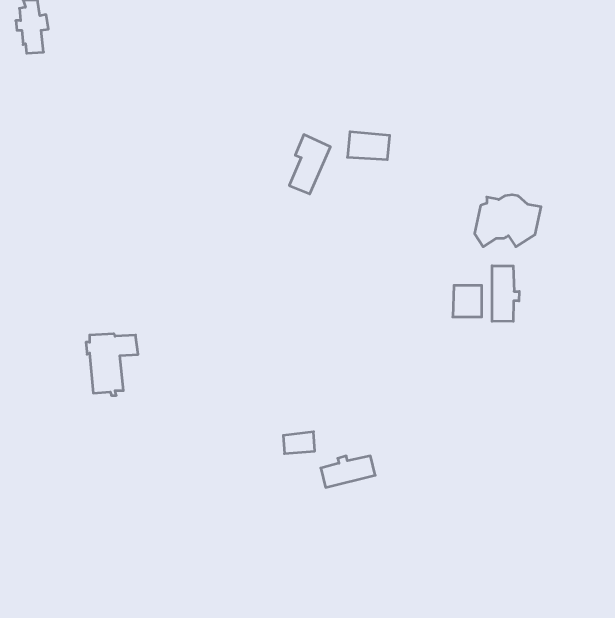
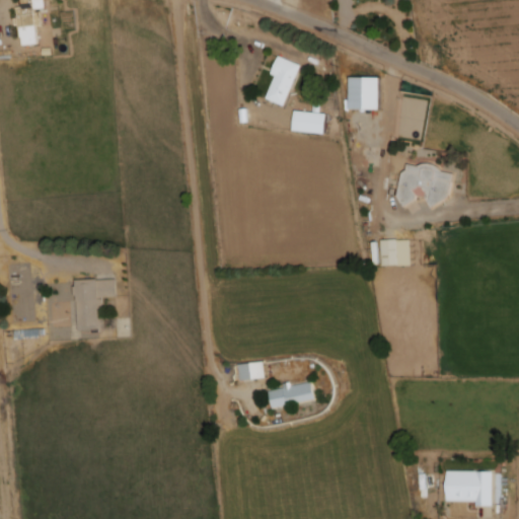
building: none -> [346,77,377,108]
building: [289,135,330,194] -> [265,56,299,105]
building: [492,266,519,321] -> none
building: none -> [446,470,493,506]

